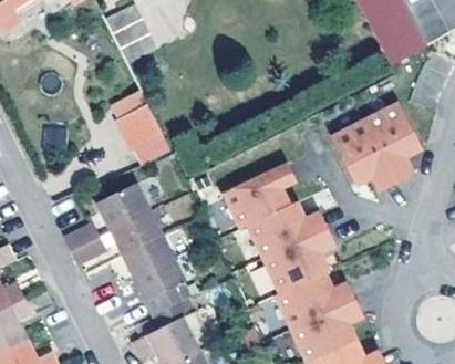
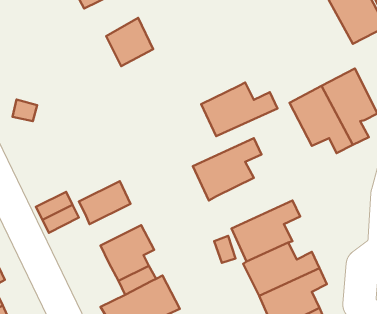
building: [113,104,162,154] -> [106,18,153,66]
building: [94,184,151,232] -> none
building: [250,205,329,260] -> [201,83,277,136]
building: [120,235,173,278] -> none

